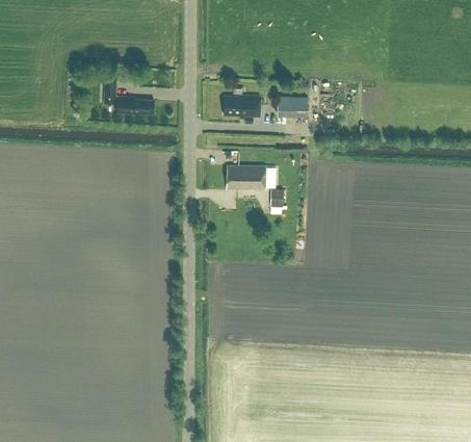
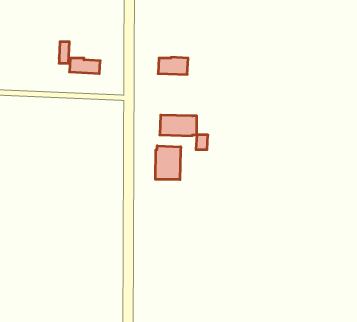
building: [277,96,308,116] -> none
building: none -> [155,146,181,180]

